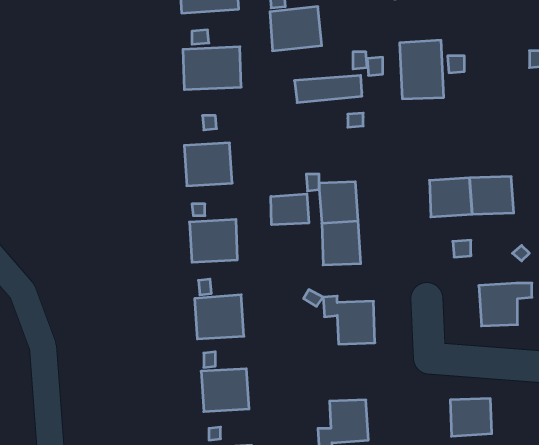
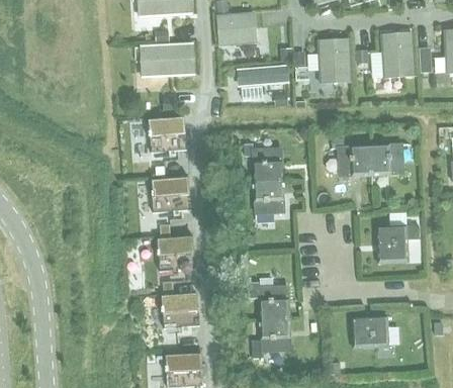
building: none -> [378,31,414,77]
building: [271,194,309,225] -> none
building: [323,296,375,344] -> [249,281,289,318]

